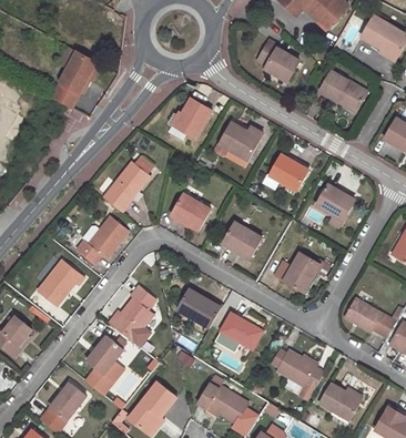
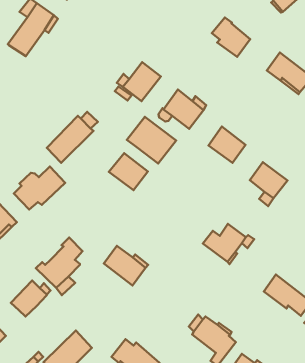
building: none -> [127,117,176,164]
building: [223,223,262,258] -> none
building: [215,314,262,353] -> none
building: [87,361,124,395] -> none

